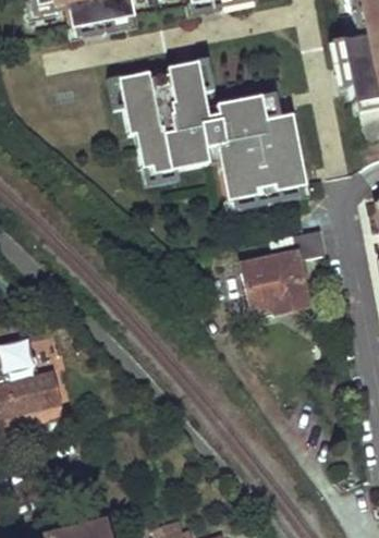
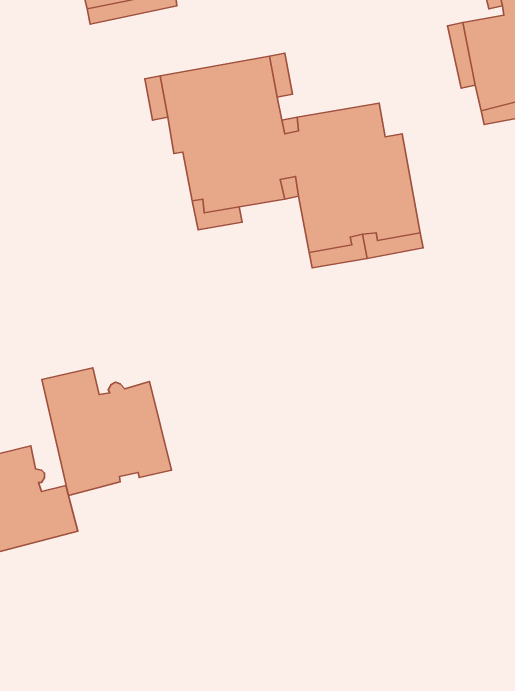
building: [245,228,328,306] -> none
building: none -> [42,368,171,496]

